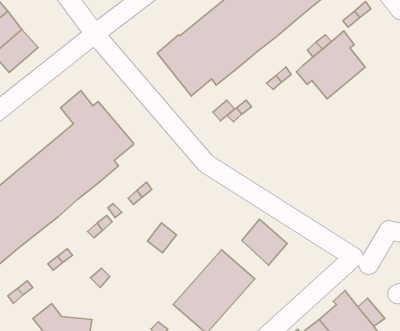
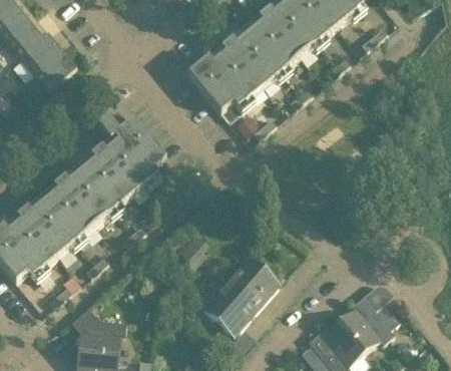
building: [297,31,365,99] -> none
building: [242,219,287,265] -> none

